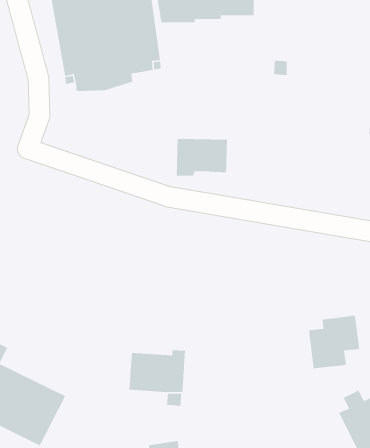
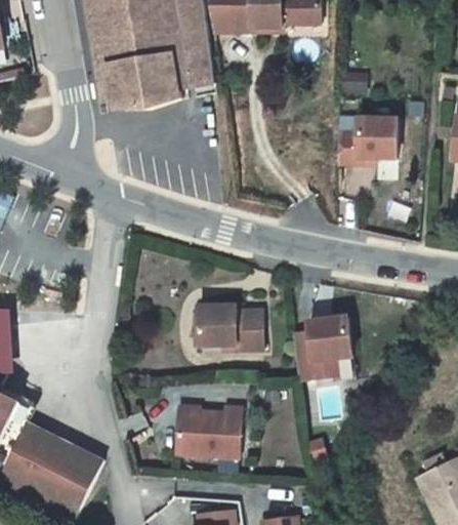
building: [176,138,228,177] -> [337,118,397,162]
building: none -> [197,305,263,349]
building: [308,315,360,369] -> [293,316,352,378]

